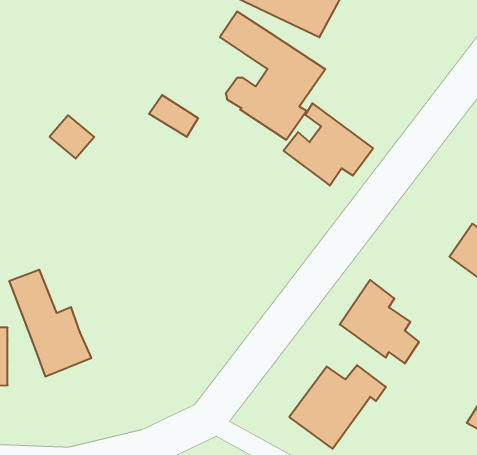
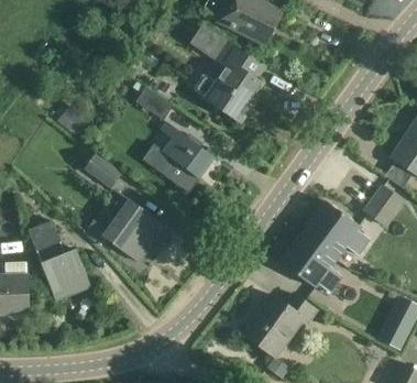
building: [284,103,373,186] -> [143,121,211,184]
building: none -> [84,153,121,187]
building: none -> [84,199,161,261]
building: none -> [304,200,369,260]

